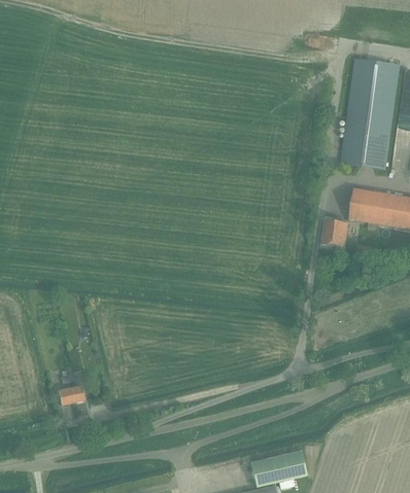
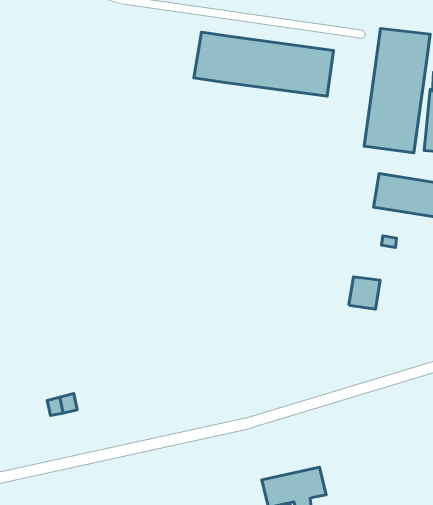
building: none -> [194,32,333,96]
building: [320,219,348,248] -> [349,277,380,309]

